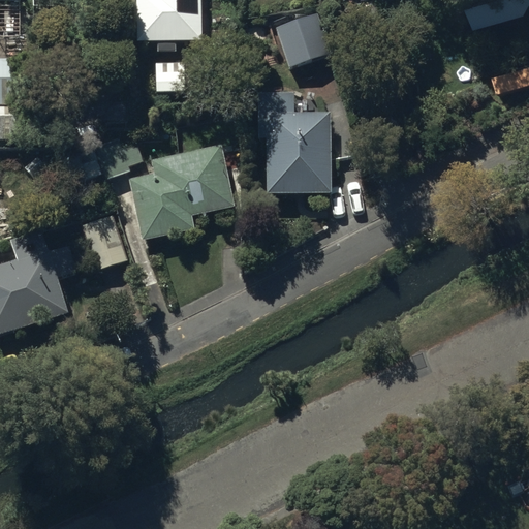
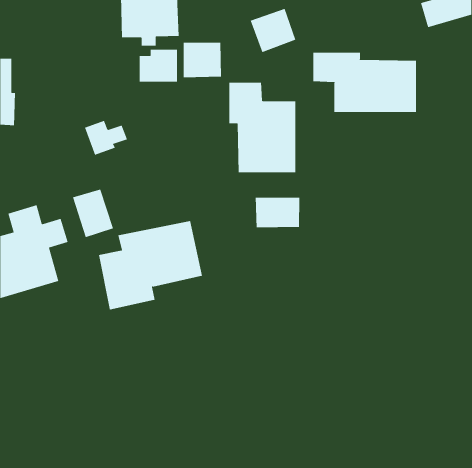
building: none -> [183,42,221,78]
building: none -> [313,52,417,113]
building: [129,141,246,241] -> [98,220,203,310]
building: none -> [255,197,300,228]

